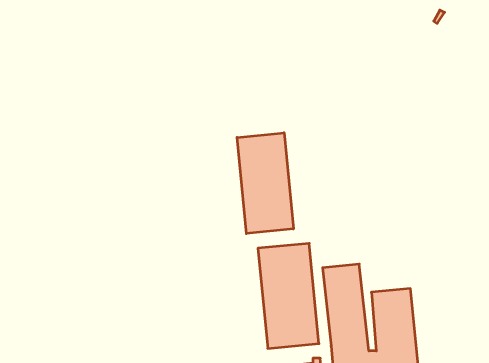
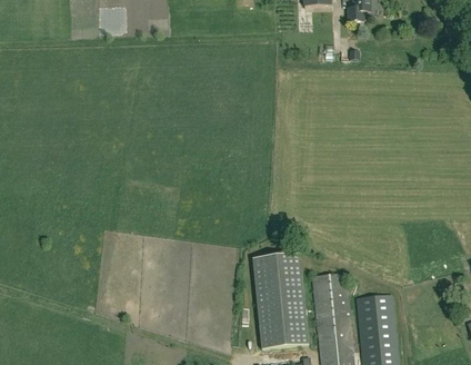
building: [237,133,293,234] -> none

